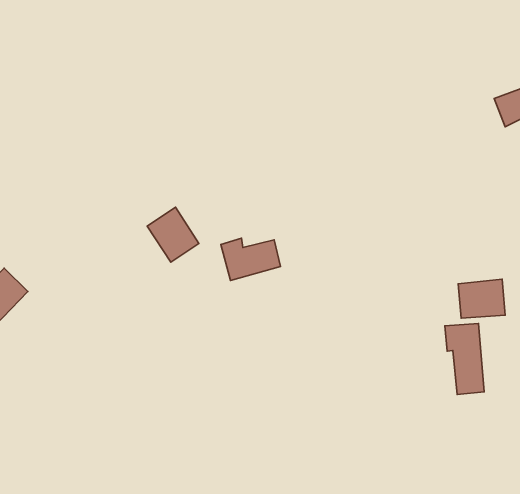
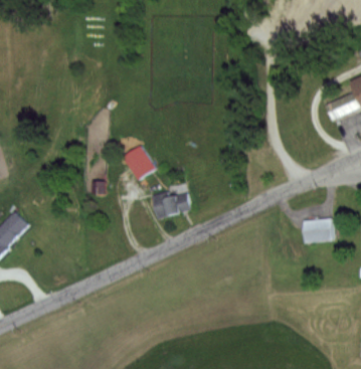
building: [147,207,199,262] -> [122,144,155,179]
building: [445,323,484,395] -> none

